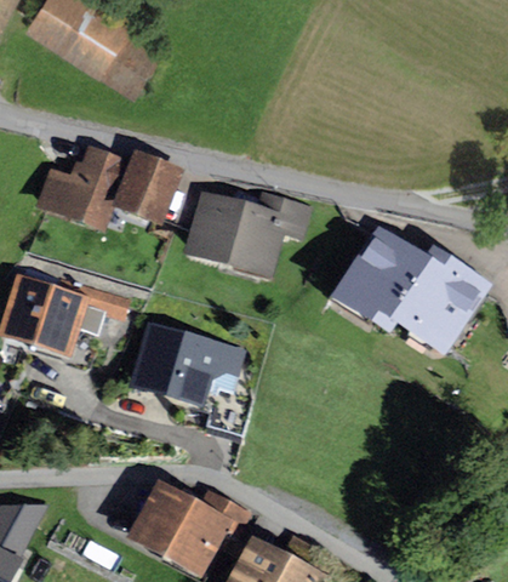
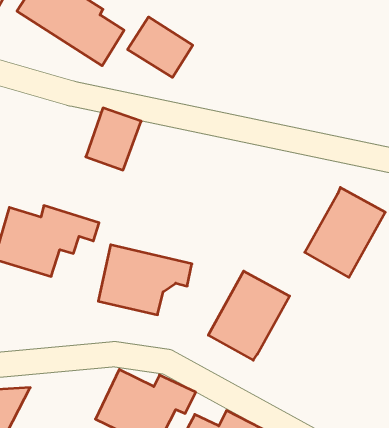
building: none -> [128,17,193,77]
building: [35,143,129,232] -> none
building: [182,190,313,281] -> none
building: [329,227,432,339] -> [208,271,290,360]

